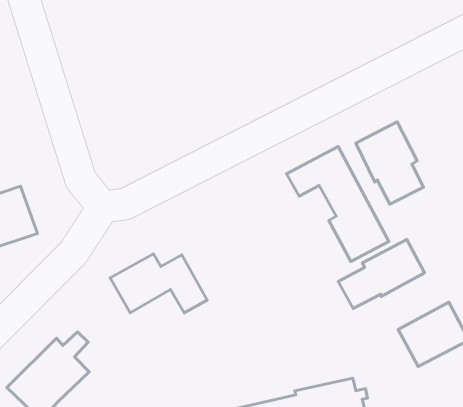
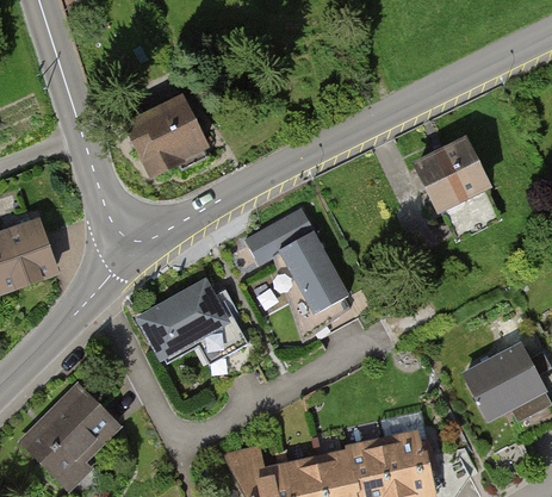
building: none -> [129,99,211,174]
building: [287,147,389,261] -> [244,209,360,338]
building: [338,239,425,309] -> none

